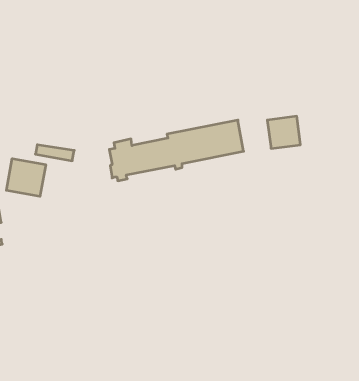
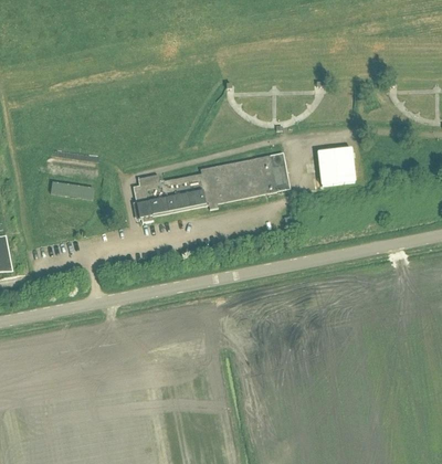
building: [6,159,46,196] -> none

